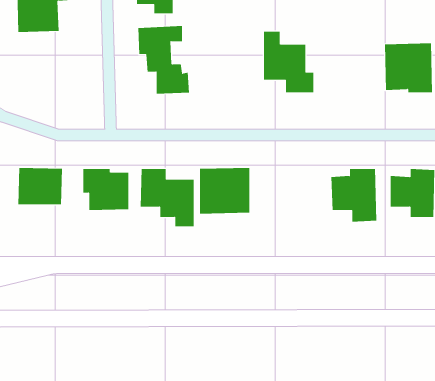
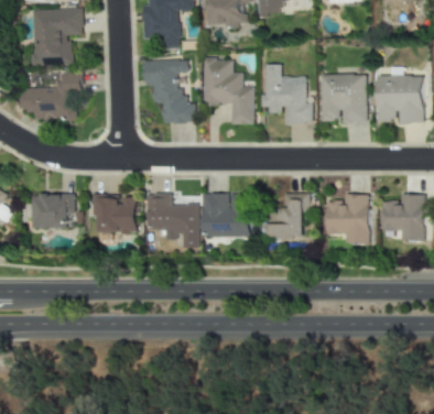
building: none -> [203,58,253,123]
building: none -> [22,72,79,119]
building: none -> [322,73,368,122]
building: none -> [269,193,308,238]

